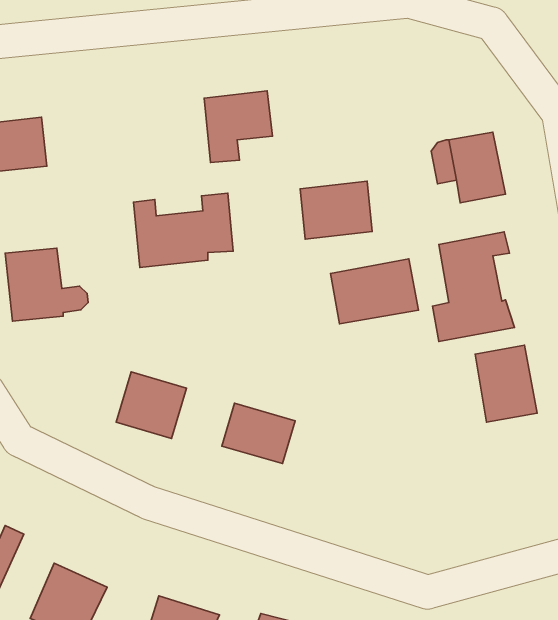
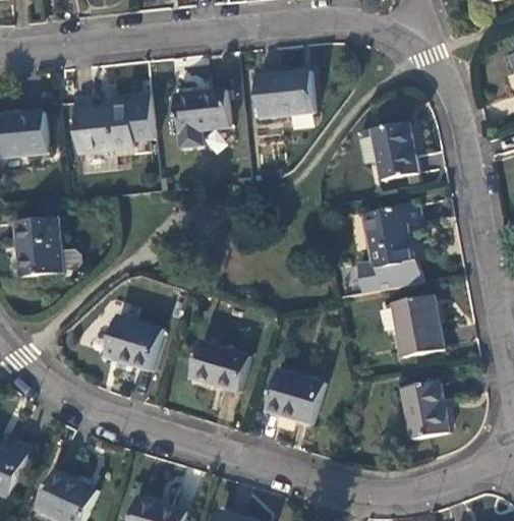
building: [300,181,372,239] -> [255,69,313,116]
building: [133,193,233,268] -> [72,92,153,152]
building: [331,259,418,324] -> none
building: none -> [265,368,322,423]
building: none -> [401,381,447,438]

